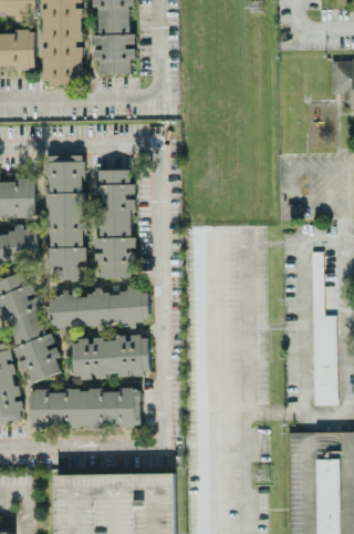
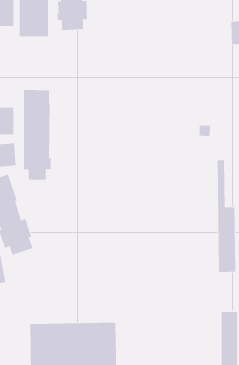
building: [94,170,135,277] -> none
building: [49,285,148,329] -> none
building: [72,335,149,379] -> none
building: [29,388,140,429] -> none

